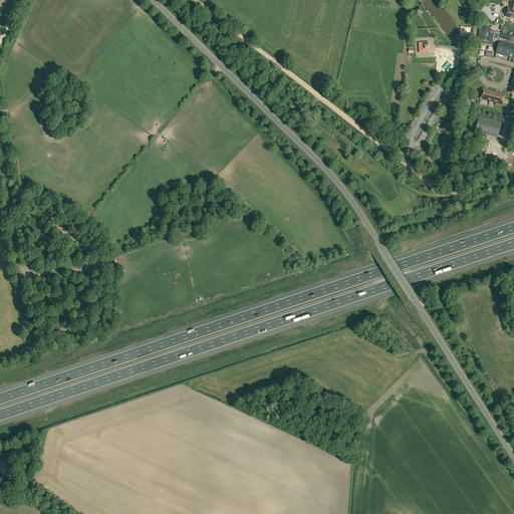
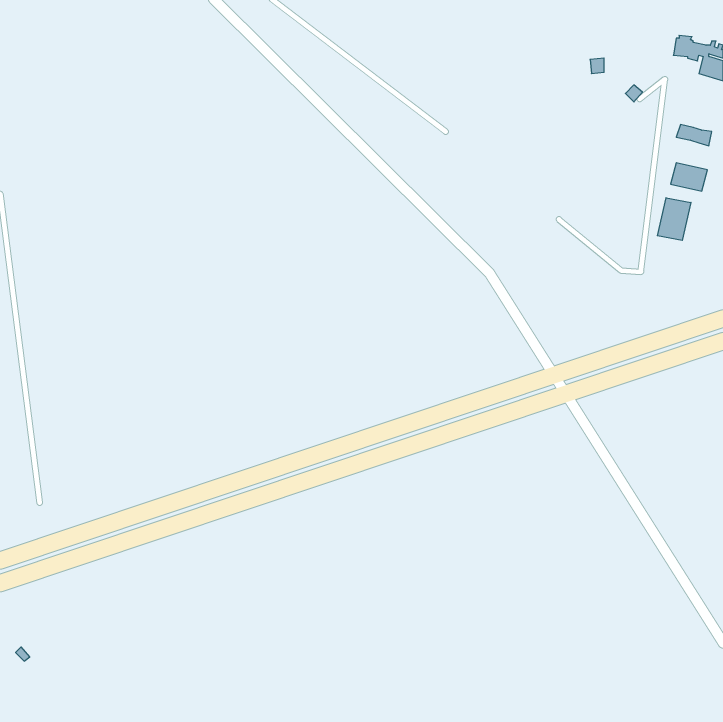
building: none -> [657,198,691,240]

